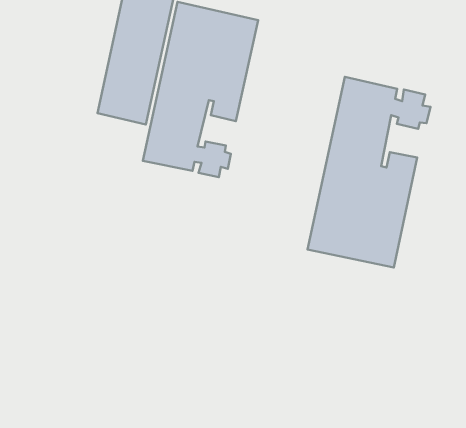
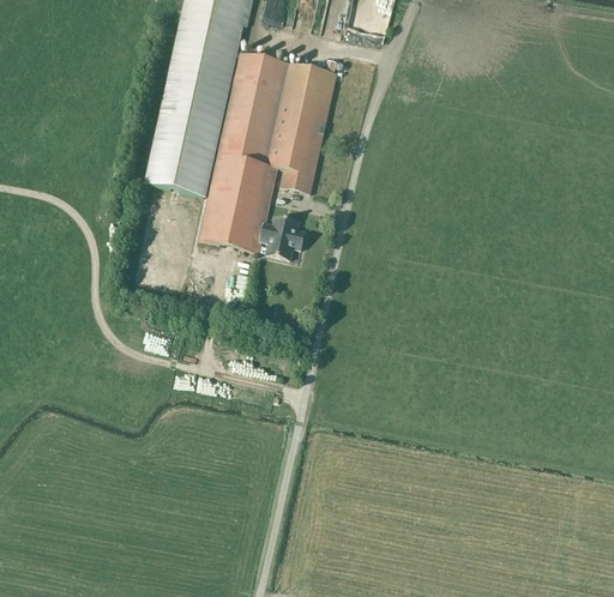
building: [307,77,430,267] -> none

